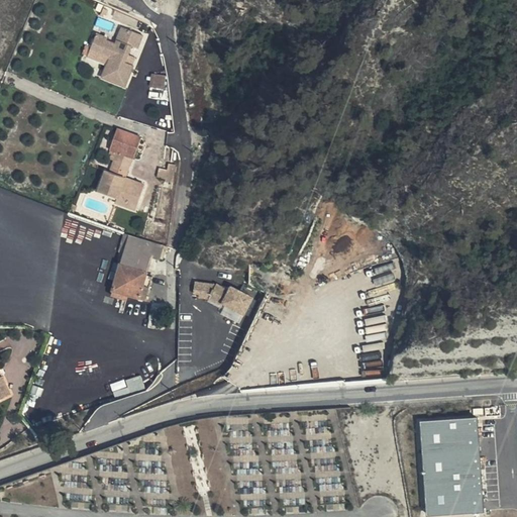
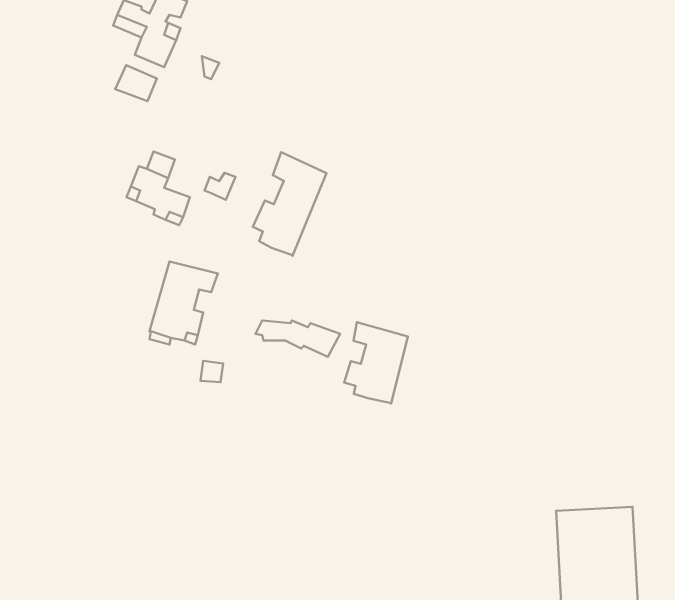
building: [108,130,139,158] -> [115,65,157,101]
building: none -> [253,152,327,256]
building: none -> [344,322,408,404]

